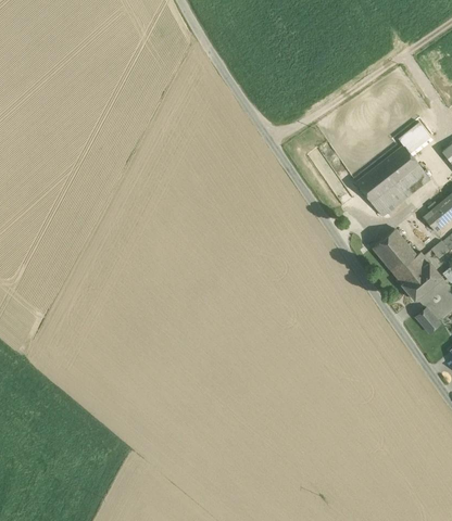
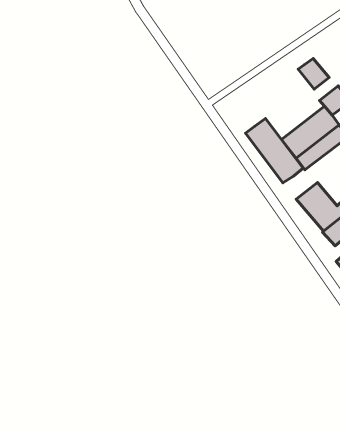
building: none -> [298,58,329,89]
building: none -> [245,118,303,183]

